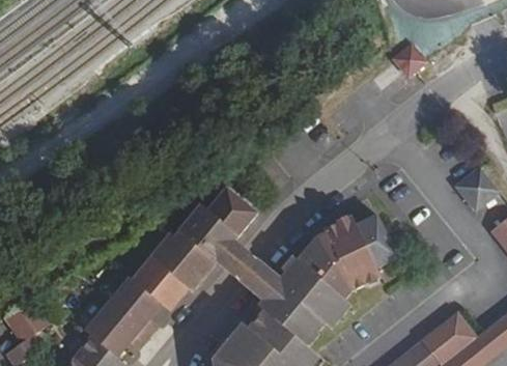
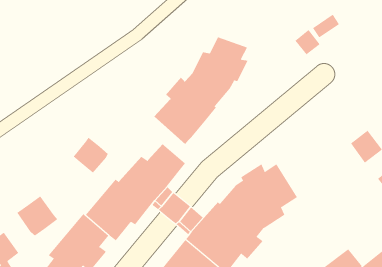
building: none -> [154,36,248,145]
building: none -> [73,137,108,173]
building: none -> [17,196,58,236]

